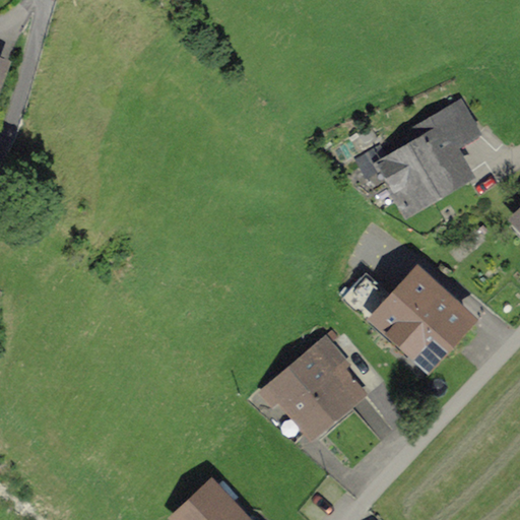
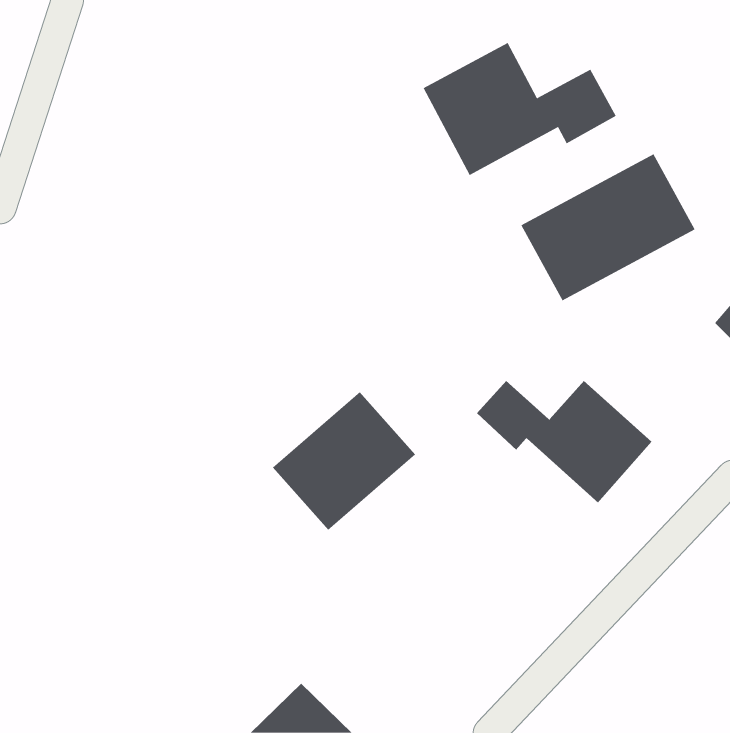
building: none -> [423,42,616,176]
building: [269,340,371,439] -> [272,391,416,531]

